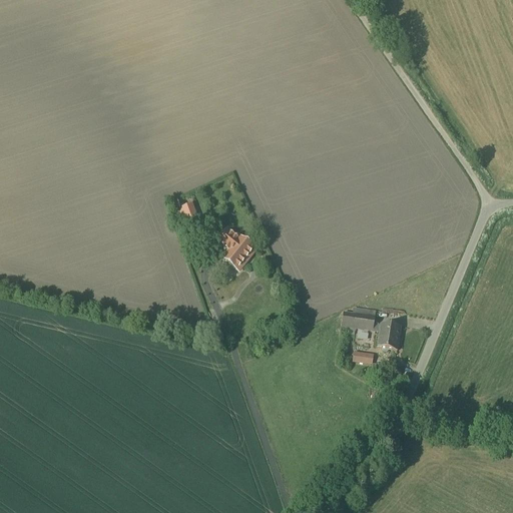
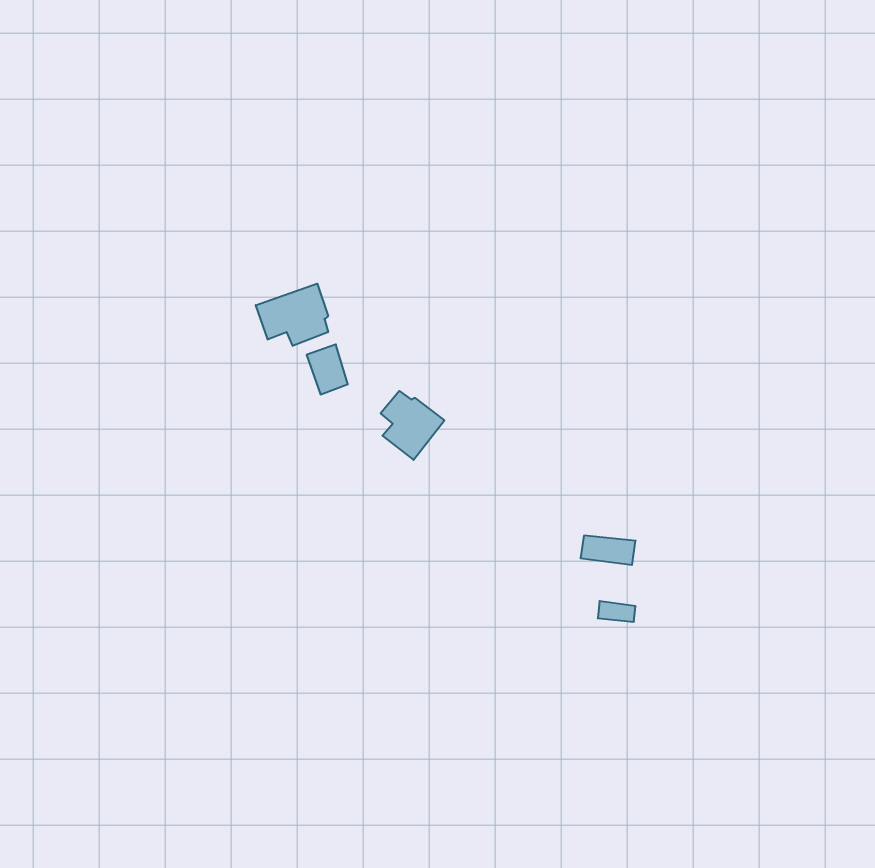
building: none -> [256,284,328,346]
building: [373,319,395,349] -> none

